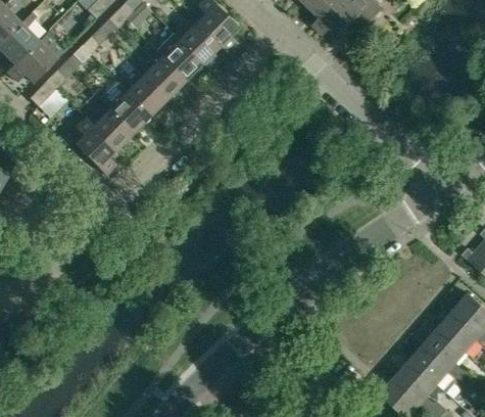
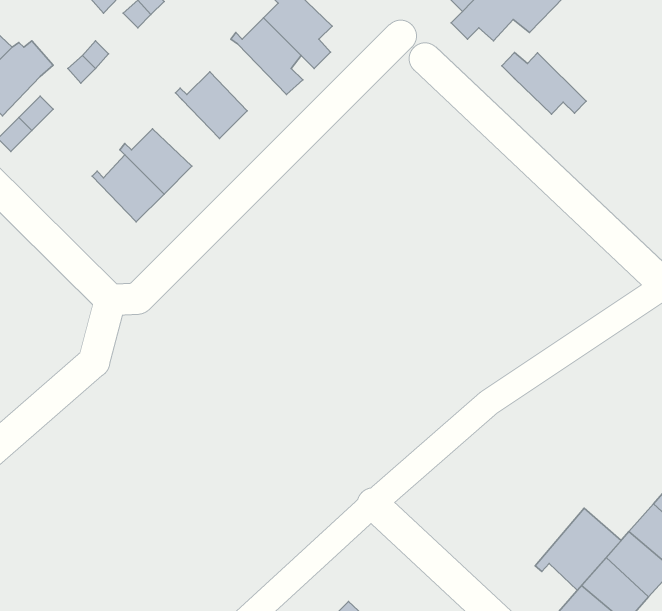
building: [157,38,209,80] -> none
building: none -> [502,53,586,114]
building: [122,73,167,114] -> none
building: [74,118,115,175] -> none
building: none -> [535,508,621,590]

